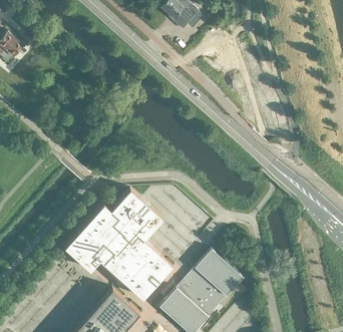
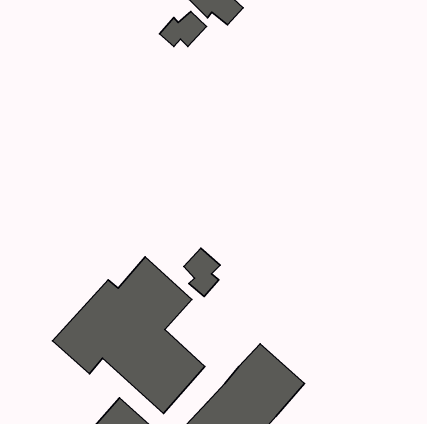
building: none -> [160,11,207,47]
building: none -> [184,248,220,296]

